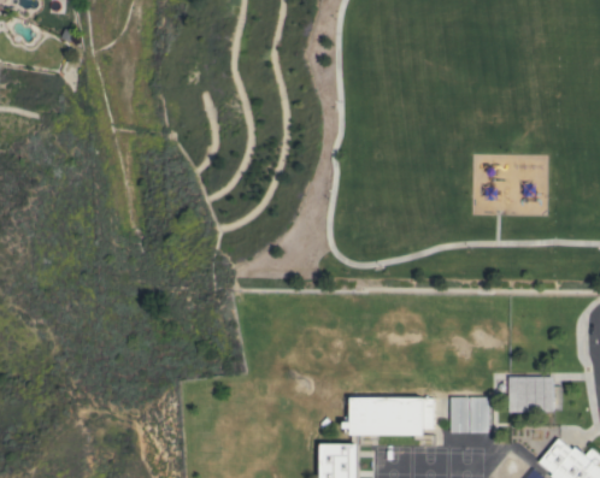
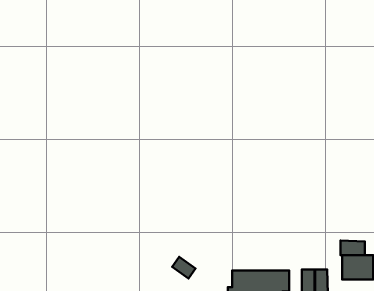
building: none -> [341,240,365,255]
building: none -> [172,257,196,278]

